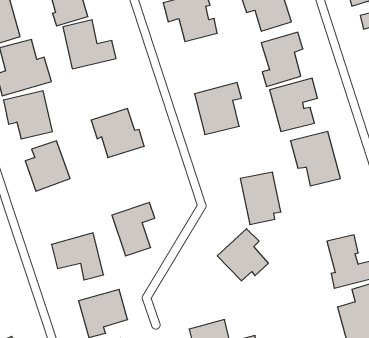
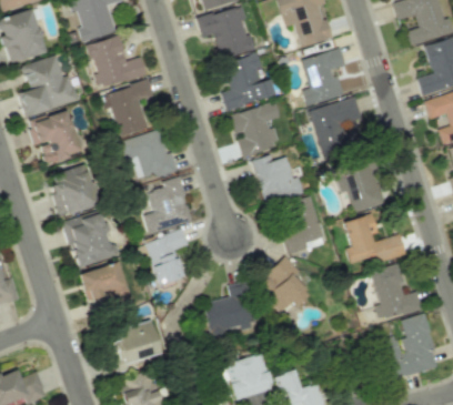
building: none -> [222,53,275,111]
building: none -> [102,82,154,136]
building: none -> [253,155,303,203]
building: none -> [139,181,192,234]
building: none -> [63,211,119,269]
building: none -> [344,214,406,264]
building: none -> [204,282,256,338]

